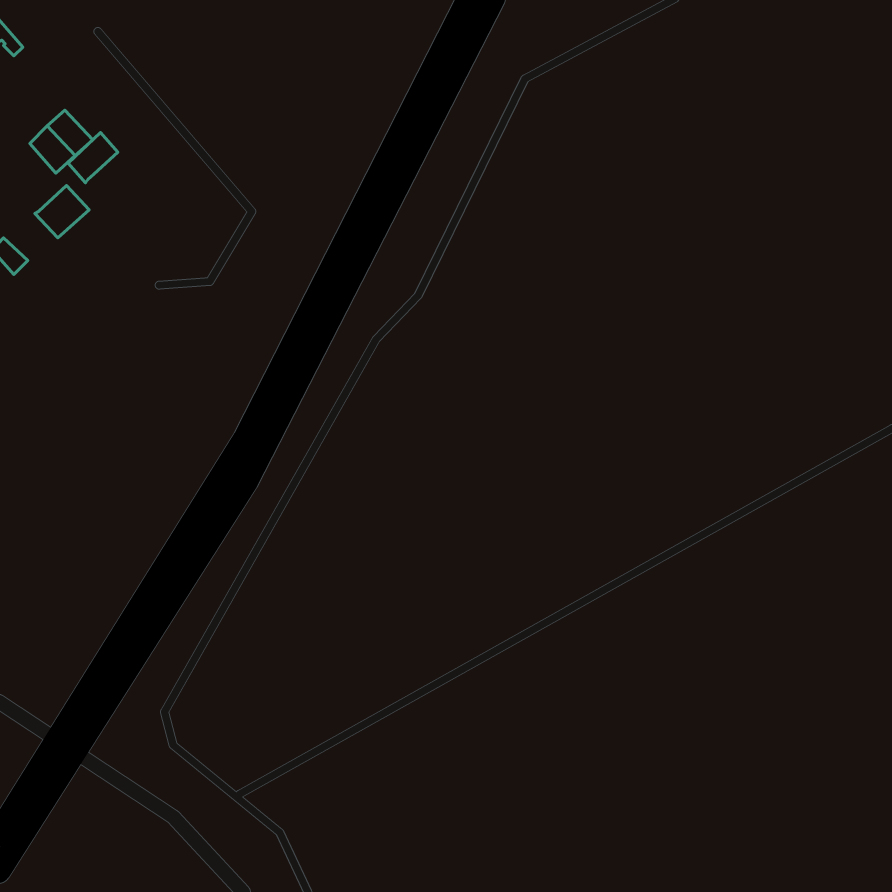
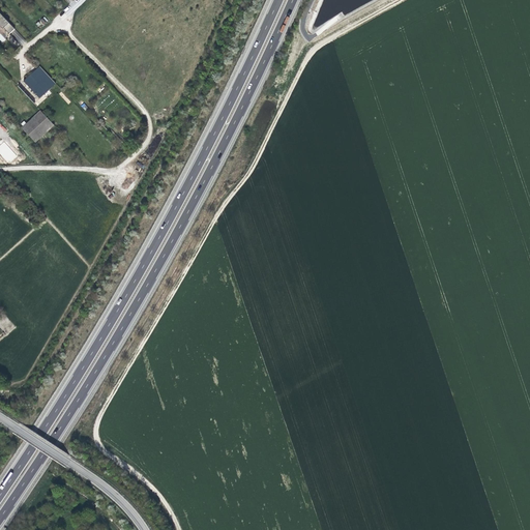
building: [68,133,118,183] -> none

